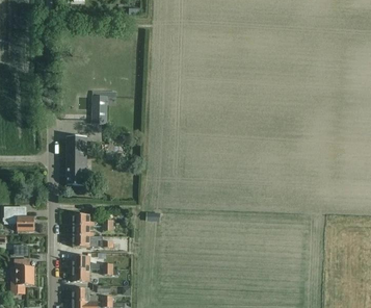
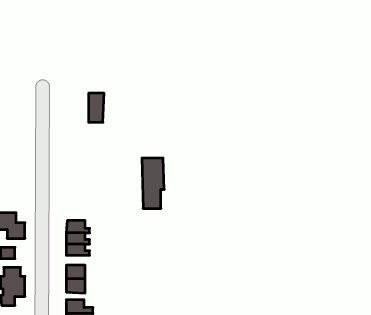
building: [65,136,86,183] -> [142,158,164,208]

